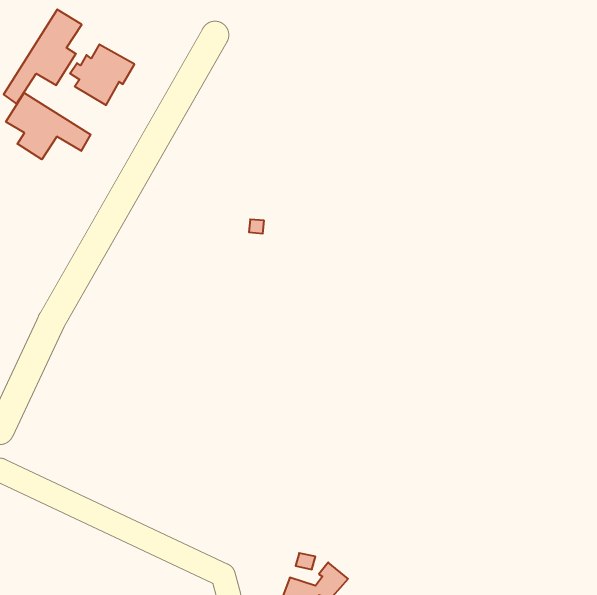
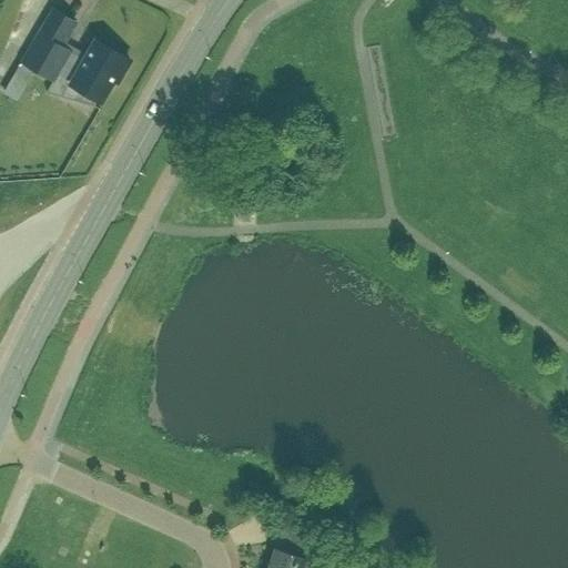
building: [6,93,91,159] -> none

